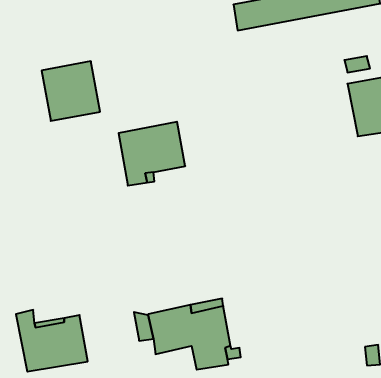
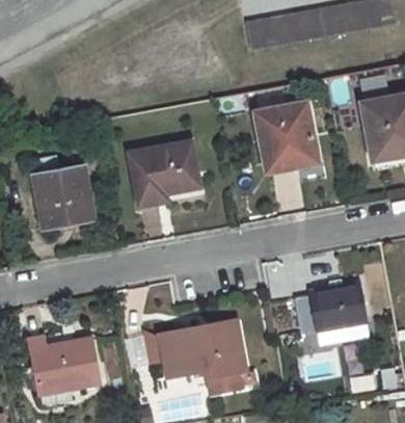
building: [42,61,100,121] -> [33,168,92,229]
building: none -> [257,103,314,171]
building: none -> [294,283,368,334]

